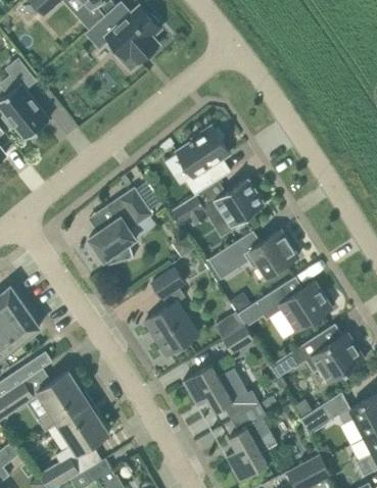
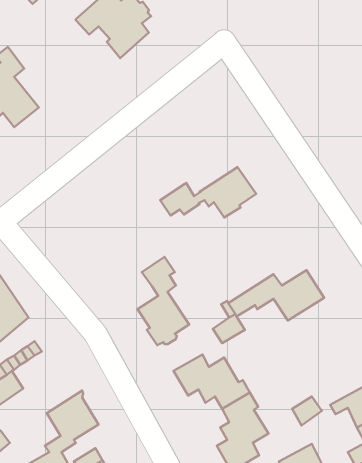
building: [176,126,230,195] -> none
building: [88,187,152,264] -> none
building: [207,230,298,279] -> none
building: [270,333,364,382] -> none
building: [37,371,92,431] -> none

